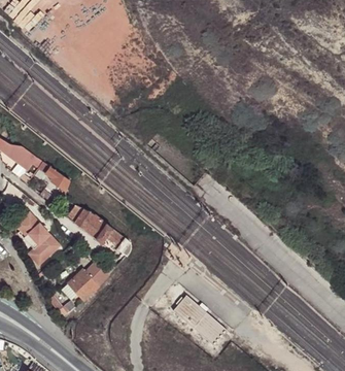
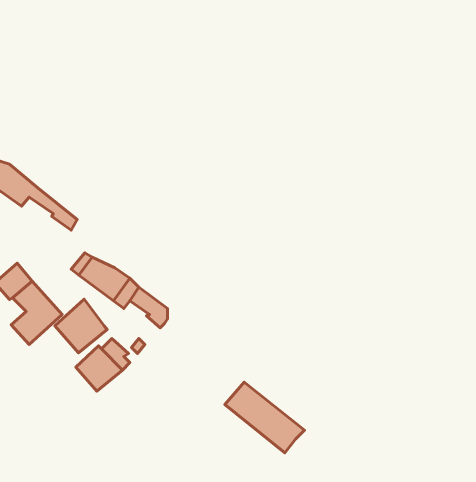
building: none -> [55,299,107,353]

